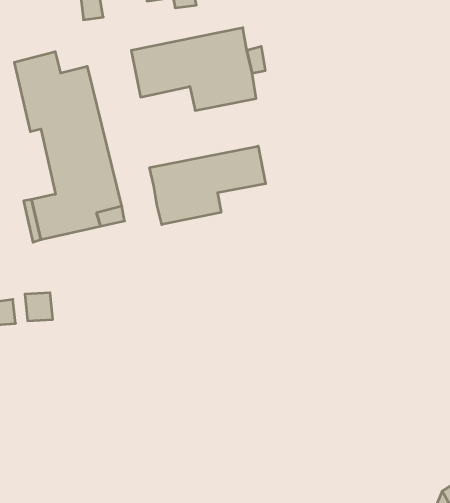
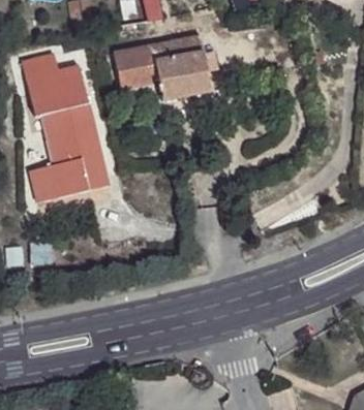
building: [150,146,266,225] -> none

